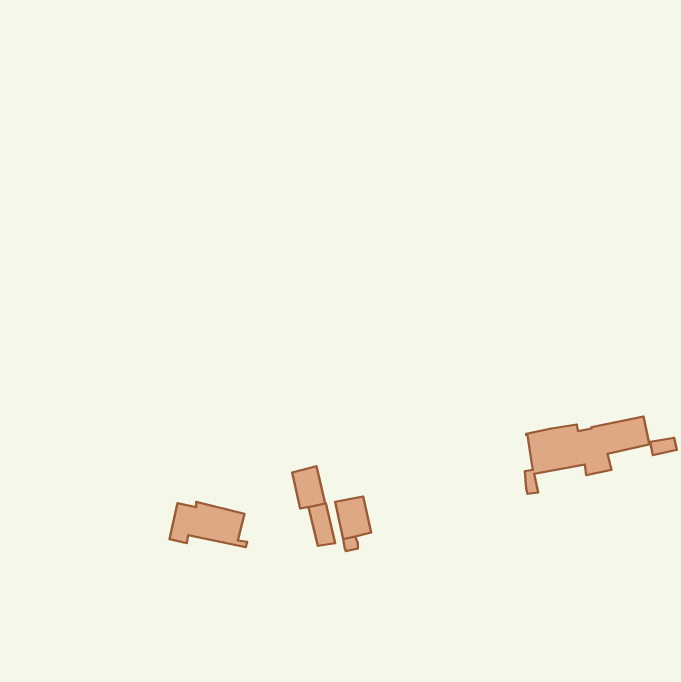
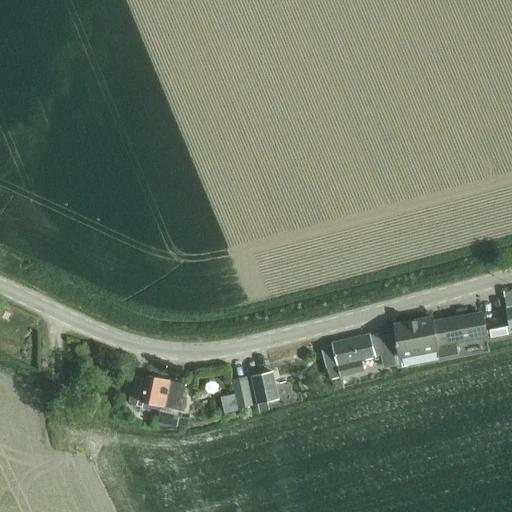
building: none -> [322,332,394,381]
building: [292,466,325,508] -> none

